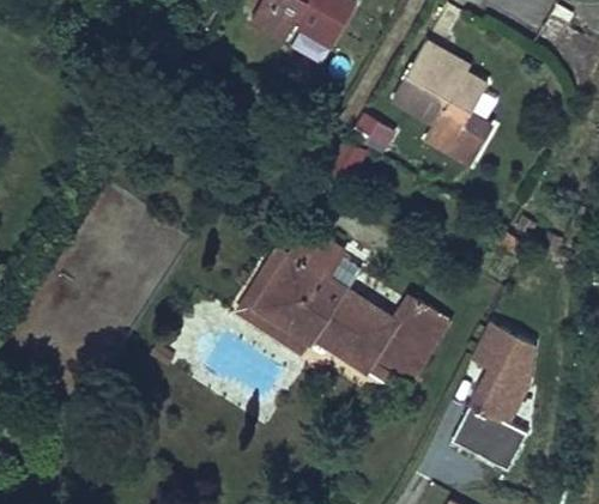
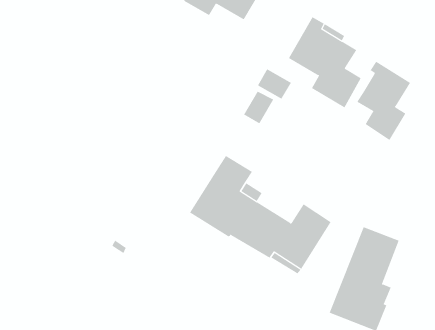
building: none -> [357,61,411,141]
building: [238,249,309,351] -> none

